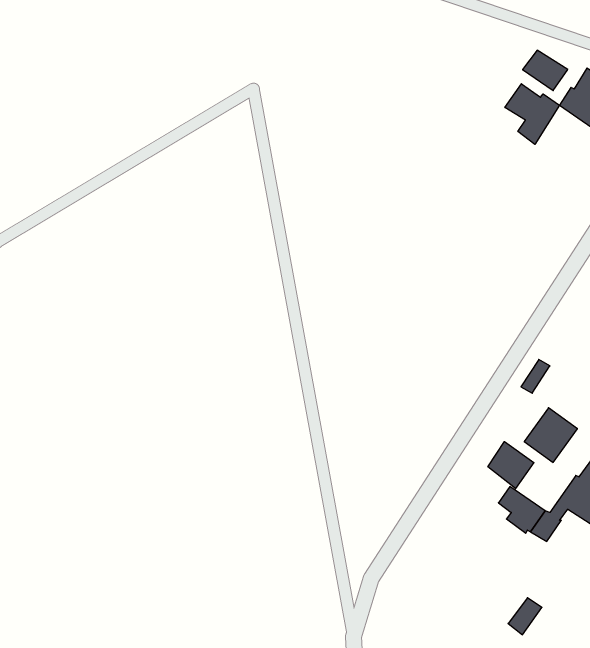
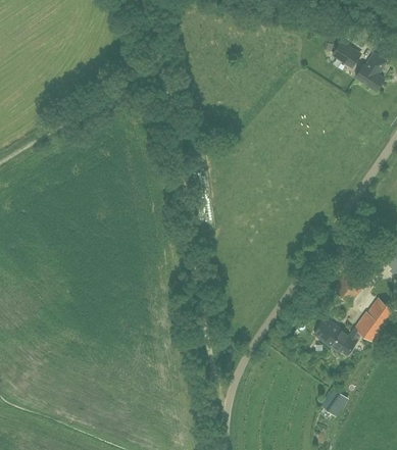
building: [505,84,560,144] -> none
building: [488,442,534,489] -> none

